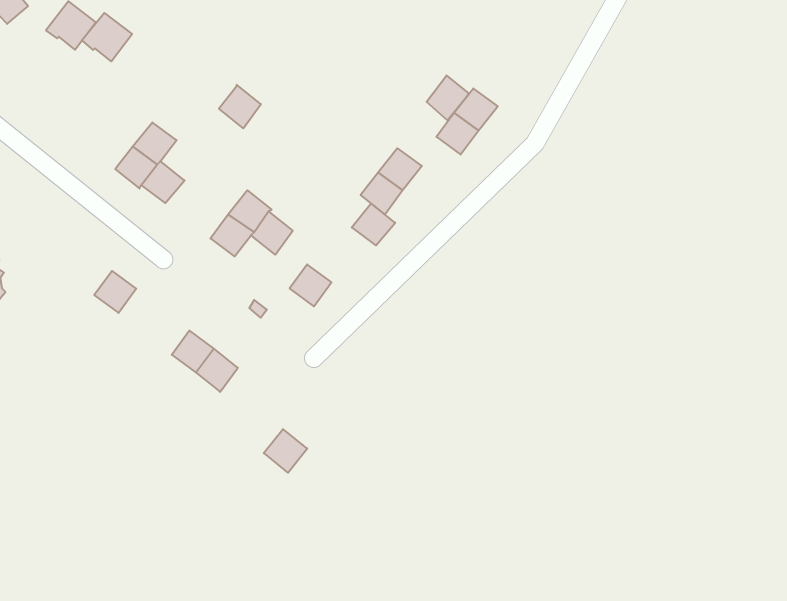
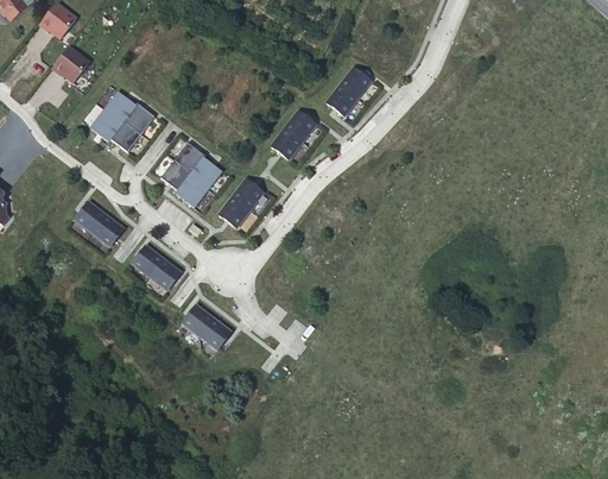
building: [82,13,132,61] -> [52,46,89,82]
building: [427,75,469,120] -> none
building: [219,85,261,128] -> [124,102,154,134]
building: [352,203,395,245] -> [232,178,264,209]
building: none -> [176,175,208,207]
building: none -> [93,214,124,246]
building: none -> [182,304,214,335]

